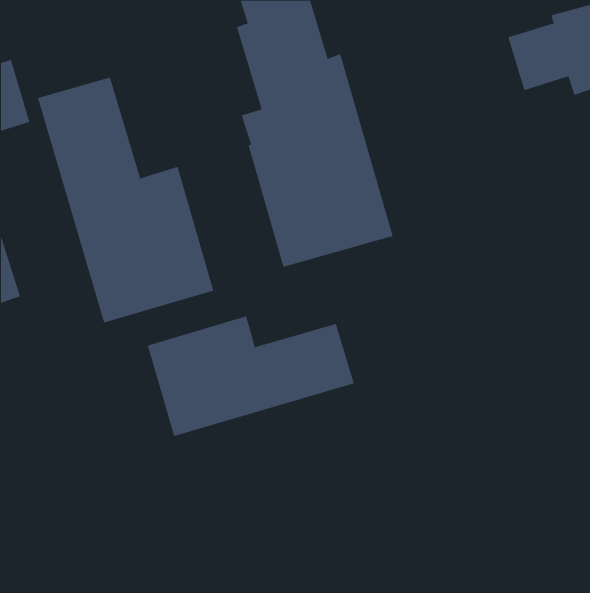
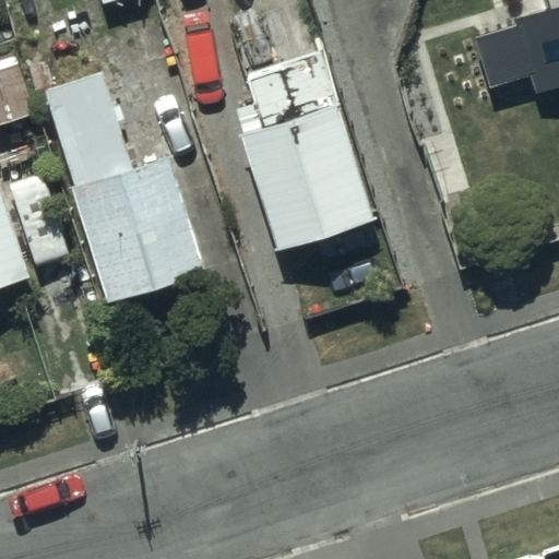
building: [147,315,354,437] -> none

